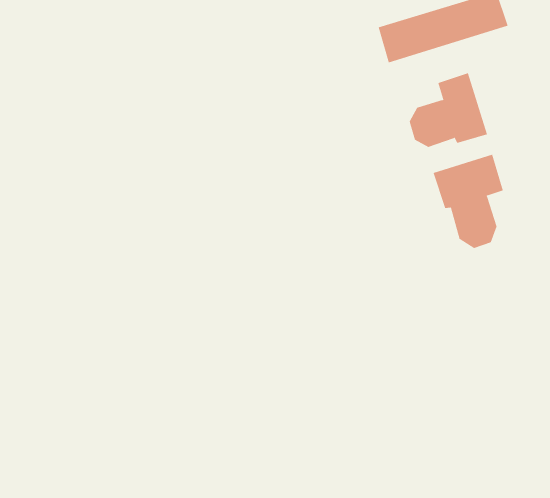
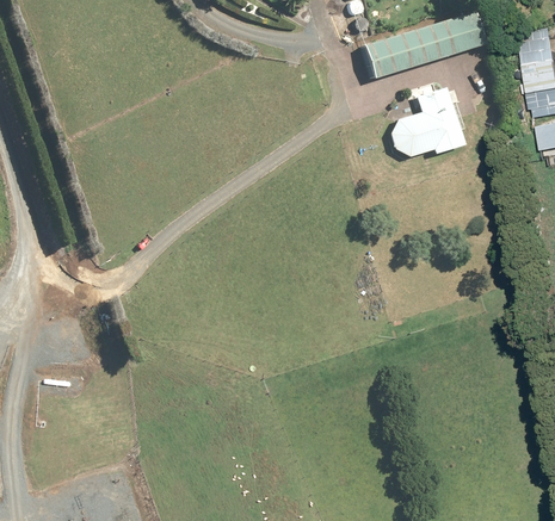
building: [433,154,504,249] -> none

